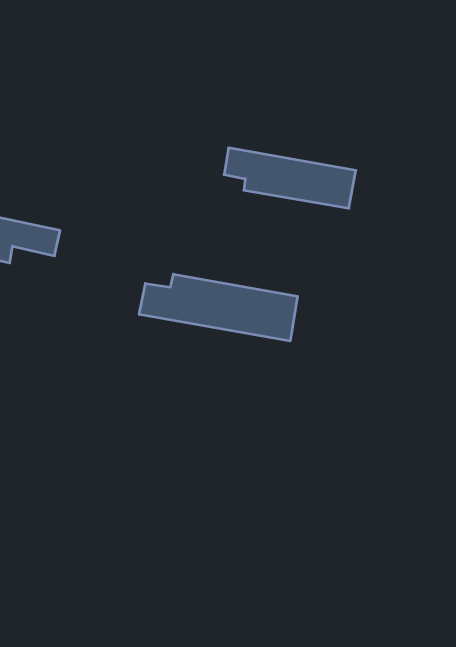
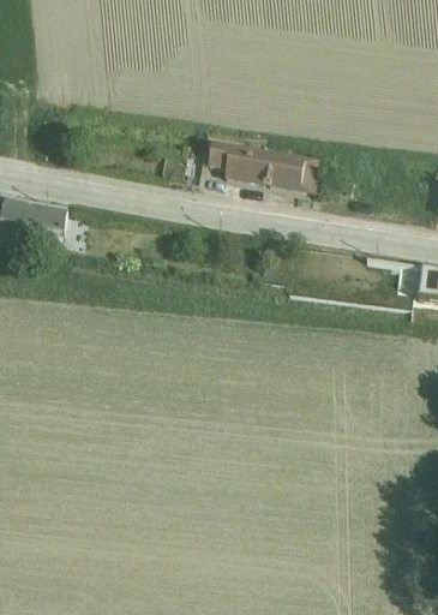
building: [139,274,298,341] -> none

